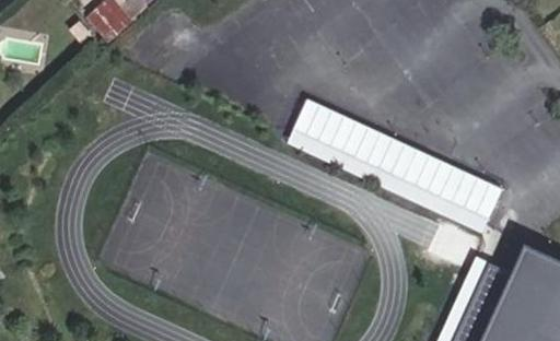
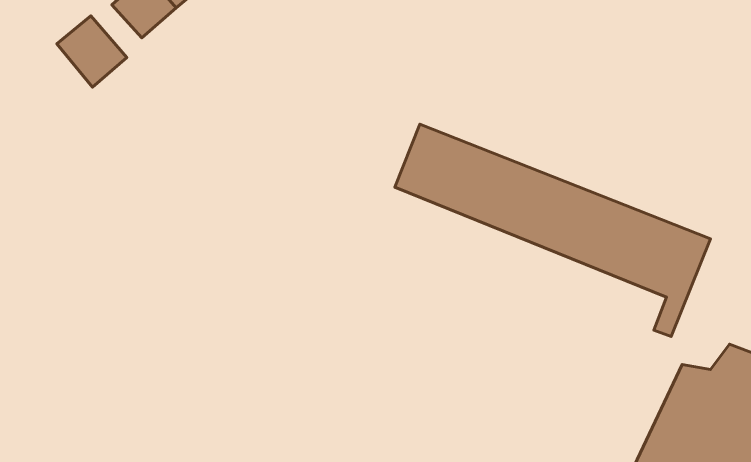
building: none -> [57,16,127,87]

